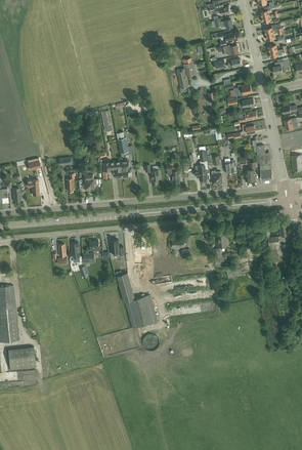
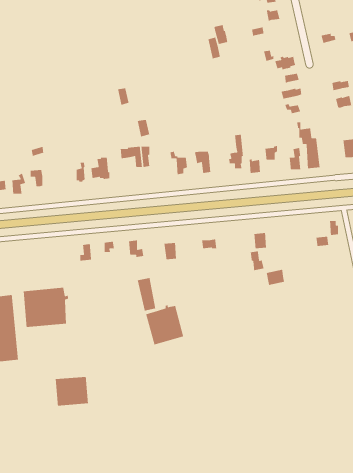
building: none -> [23,287,69,328]
building: [7,344,36,370] -> [55,376,89,406]

